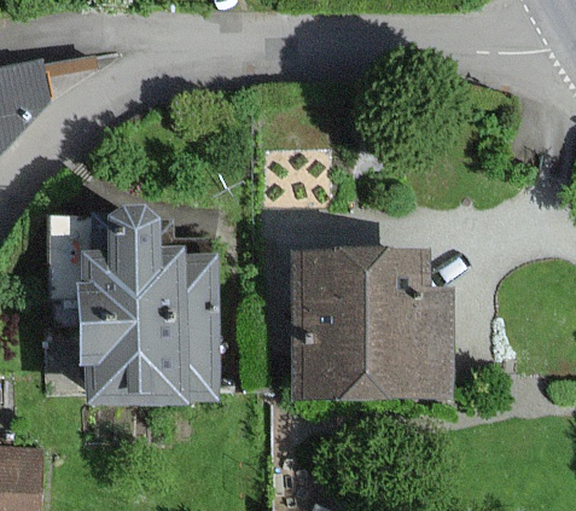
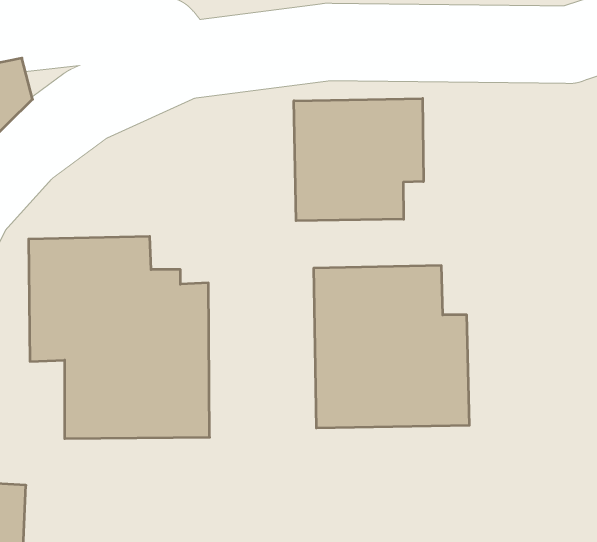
building: none -> [294,98,423,221]

